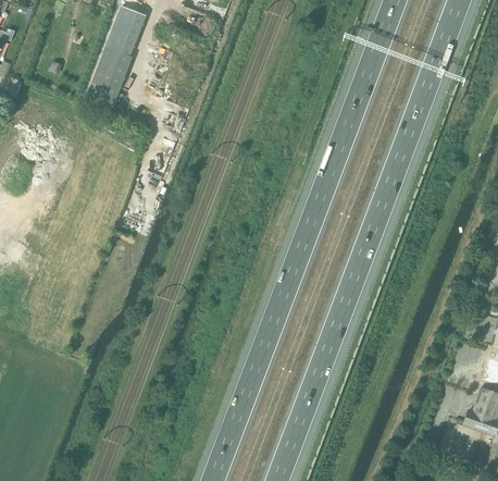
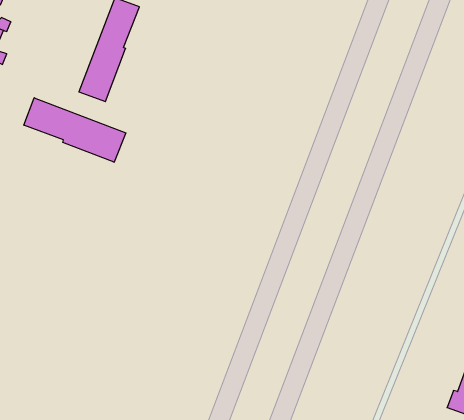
building: none -> [24,98,126,162]

